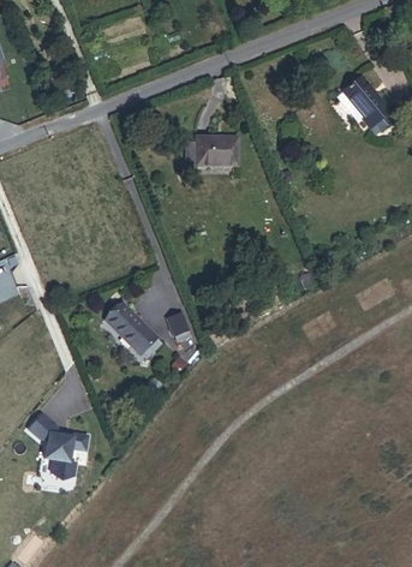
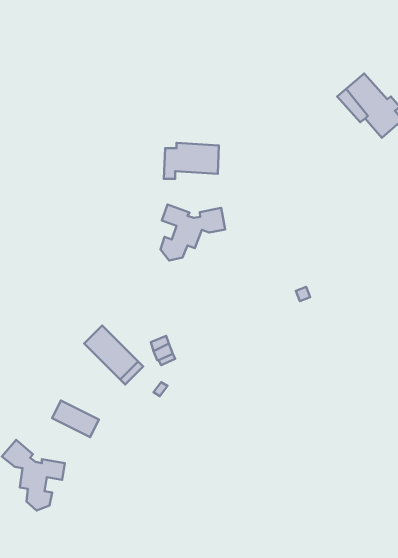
building: none -> [161,205,225,260]
building: none -> [52,401,99,437]

